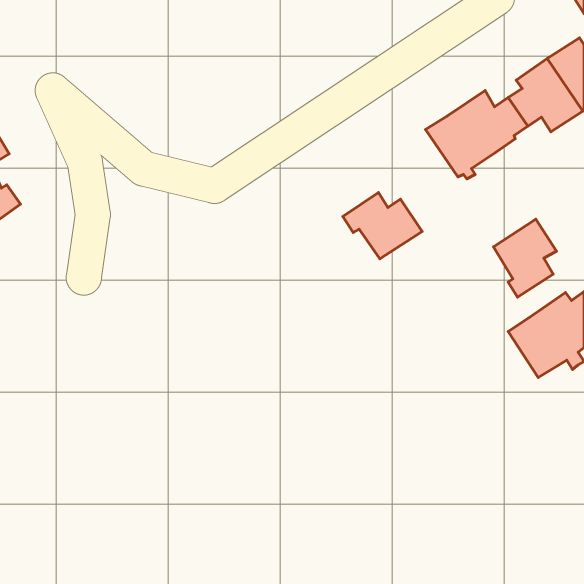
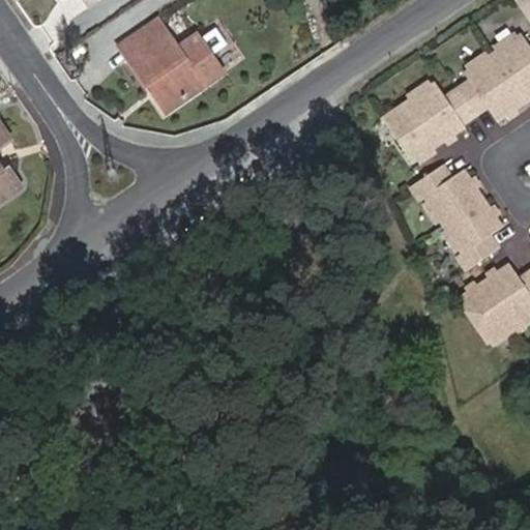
building: none -> [123,26,220,110]
building: [343,192,422,259] -> [412,163,483,223]

